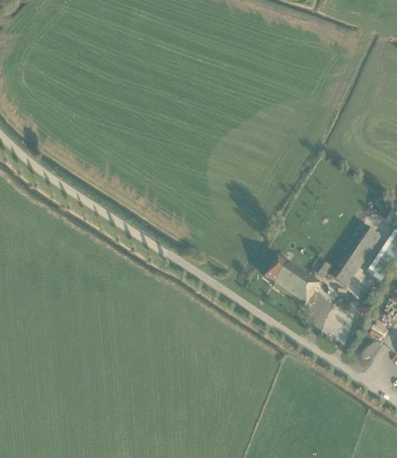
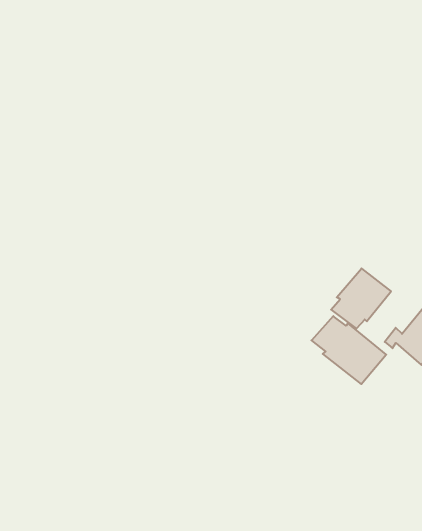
building: none -> [331,268,391,329]

